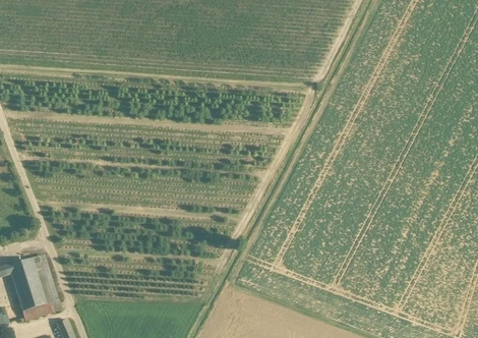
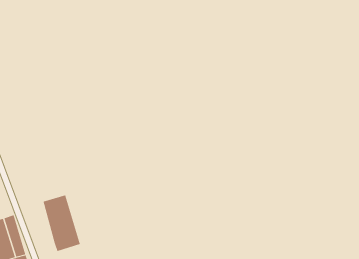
building: none -> [43,194,81,252]

